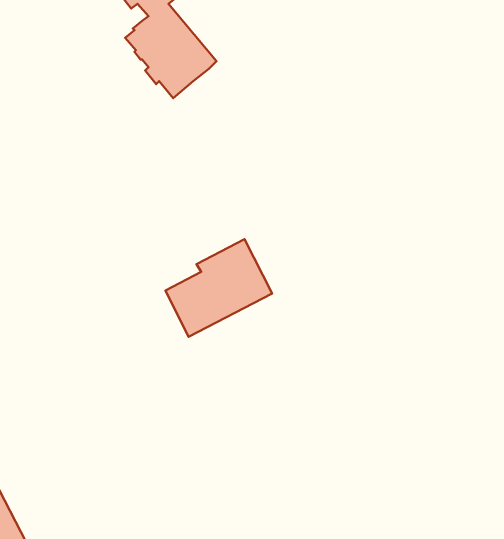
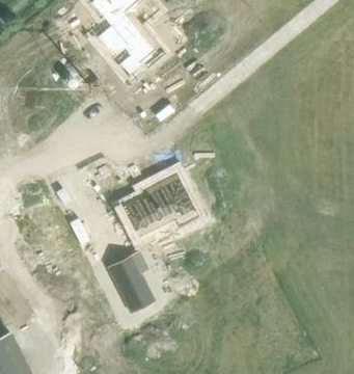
building: none -> [107,255,154,314]

